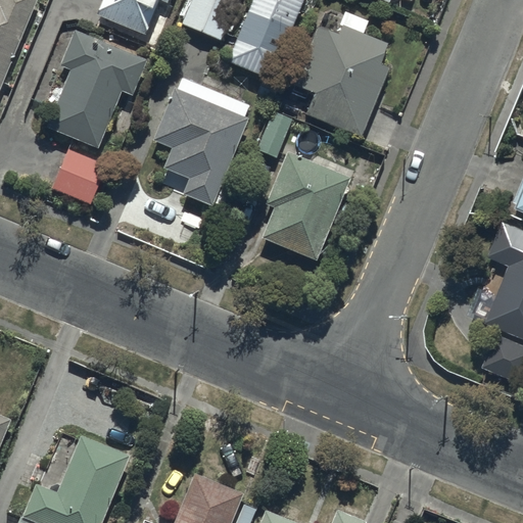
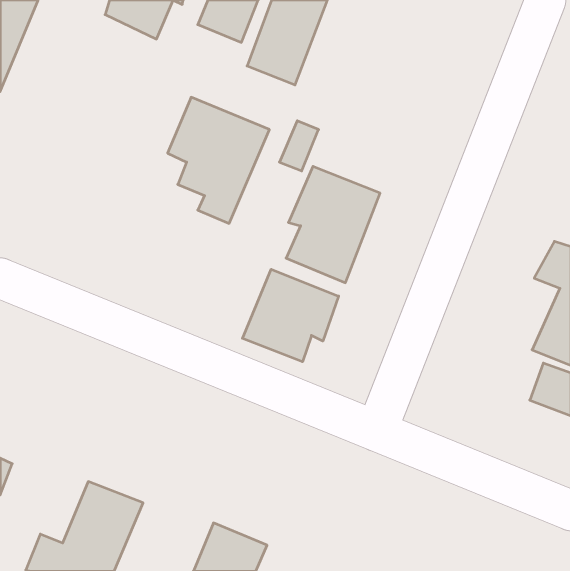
building: [295,26,388,135] -> none
building: [46,31,145,148] -> none
building: [50,148,105,201] -> none
building: none -> [242,269,339,362]

